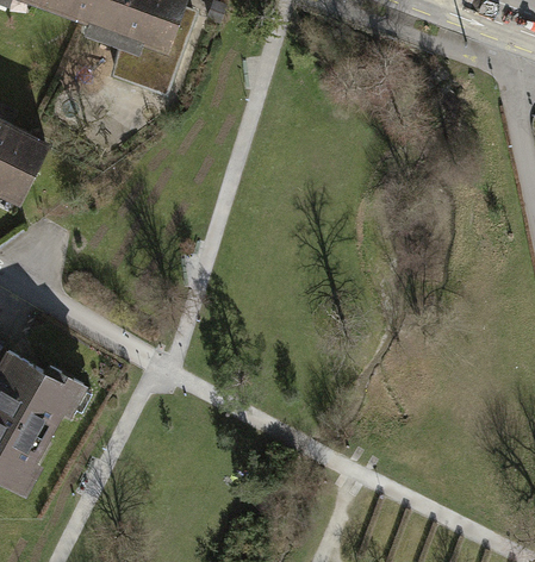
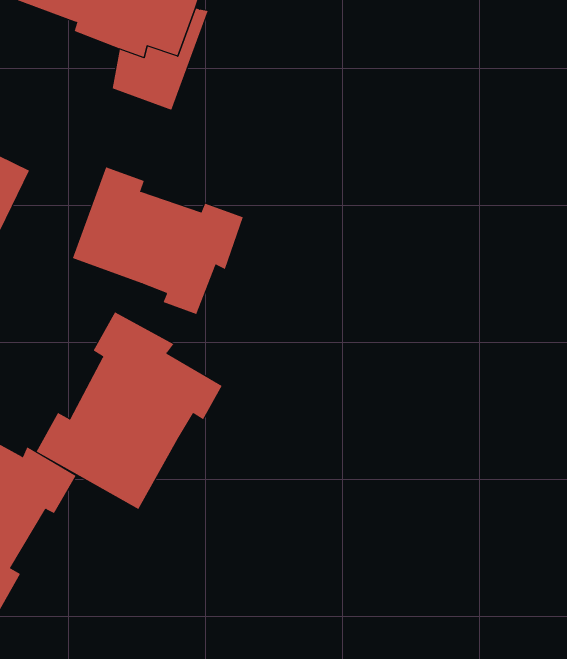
building: none -> [72,167,244,315]
building: none -> [36,311,223,510]

